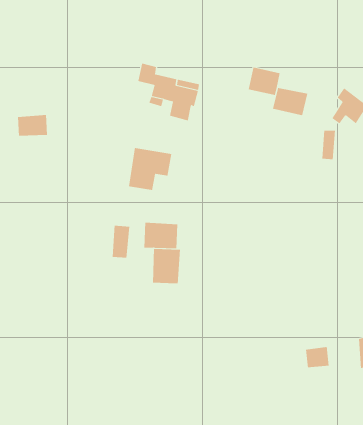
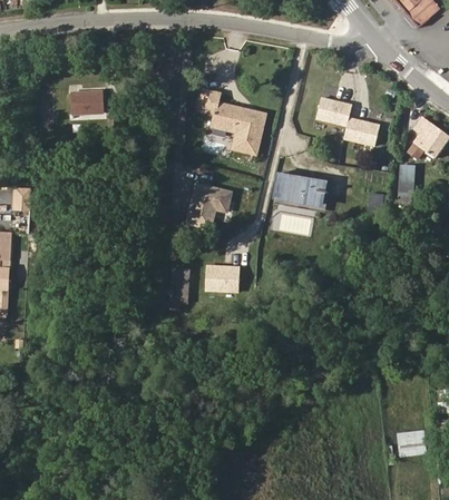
building: [17,115,48,136] -> [70,90,104,114]
building: none -> [274,171,325,204]
building: [152,248,180,284] -> none
building: [305,346,330,368] -> [398,431,424,454]

